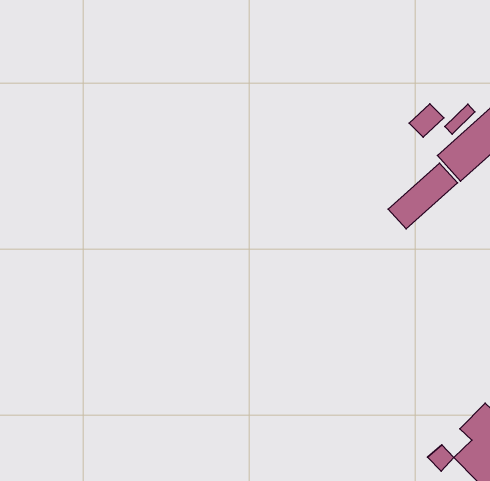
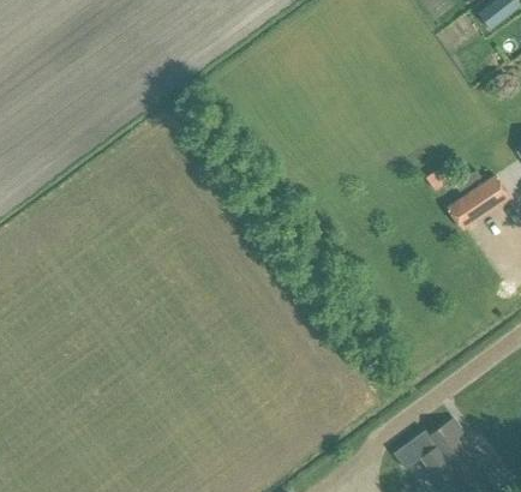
building: [388,163,458,229] -> none

